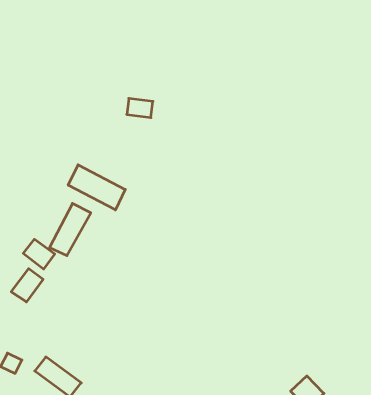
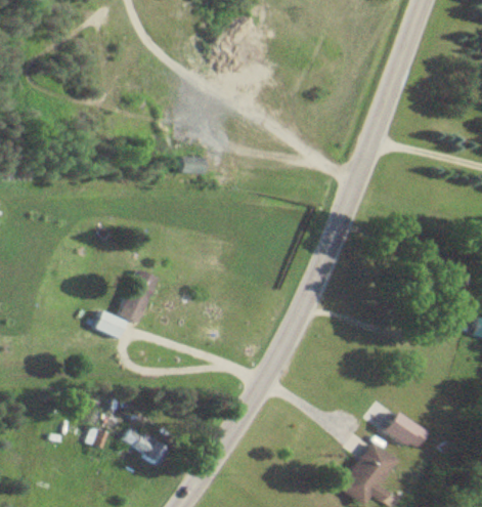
building: [68,165,125,210] -> none
building: [11,269,43,302] -> none

